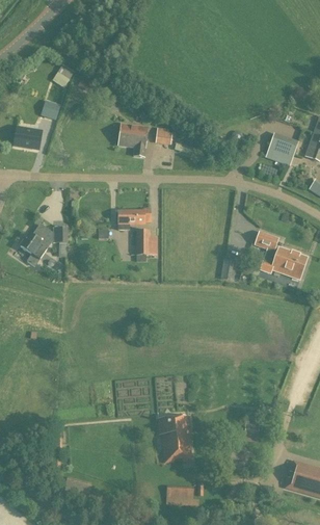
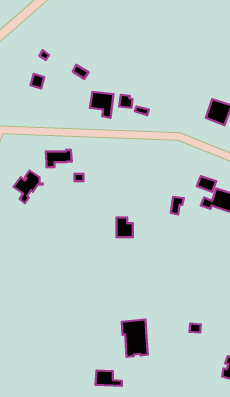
building: [15,127,42,149] -> none
building: [117,207,151,229] -> [46,150,72,167]
building: [136,229,157,254] -> [117,218,133,237]
building: [165,484,198,504] -> [96,370,122,386]

